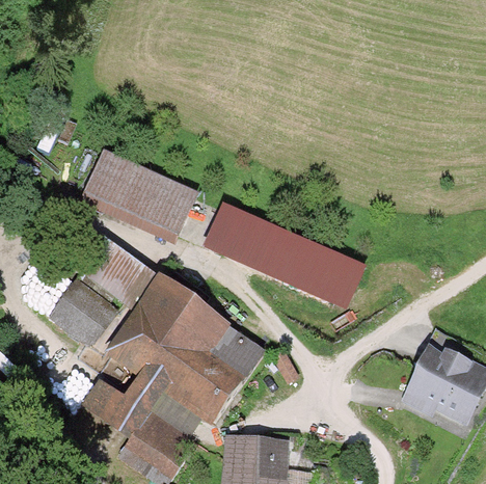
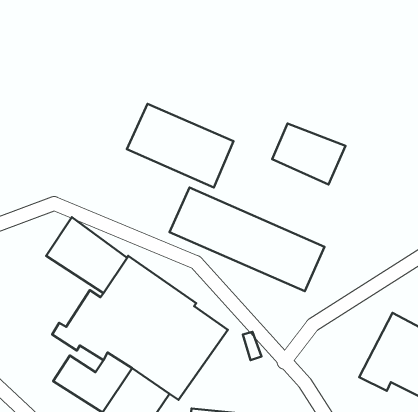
building: none -> [272,124,346,185]
building: [83,153,195,241] -> [127,104,233,188]
building: [48,280,118,348] -> none

